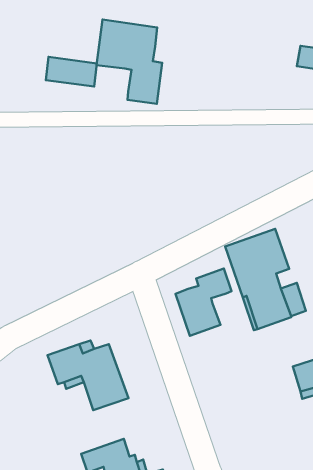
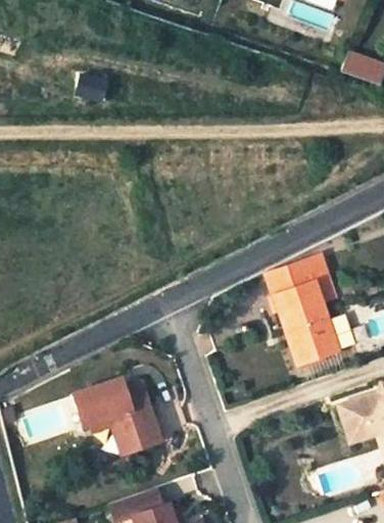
building: [97,20,162,104] -> none
building: [176,269,232,336] -> none

